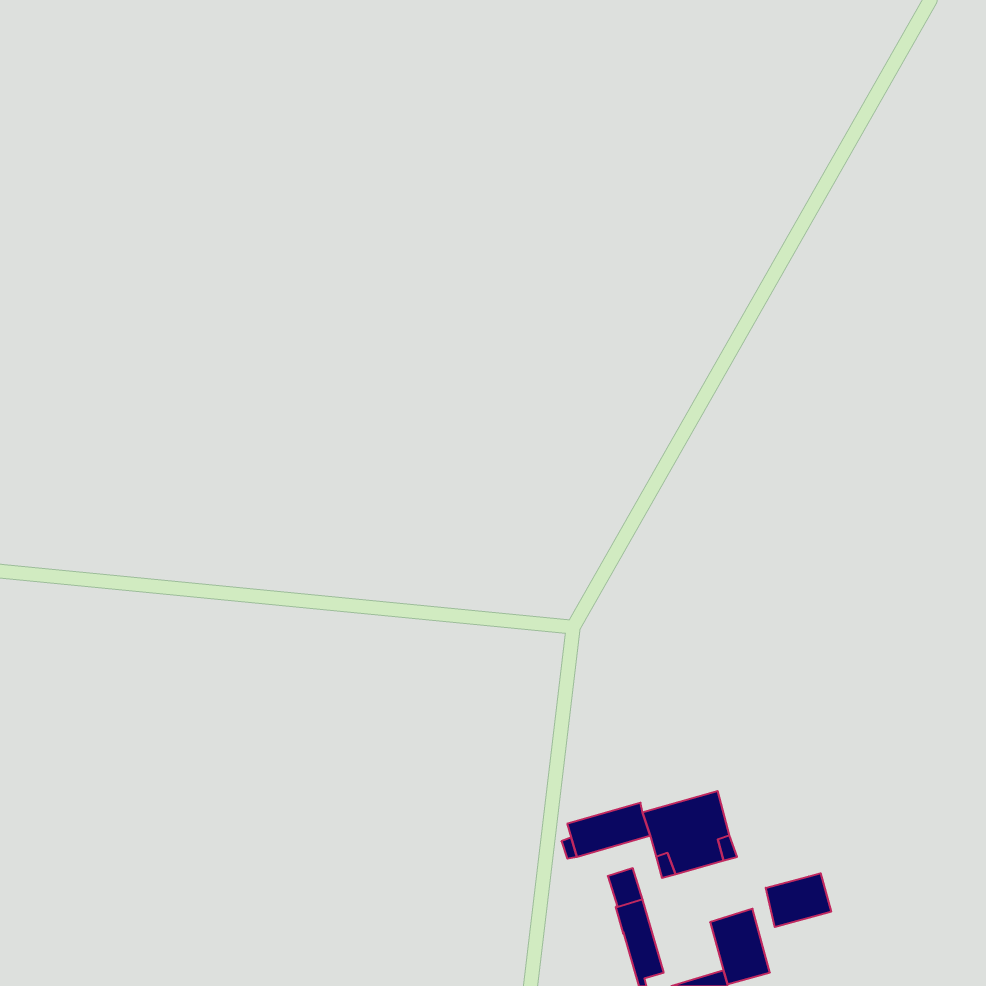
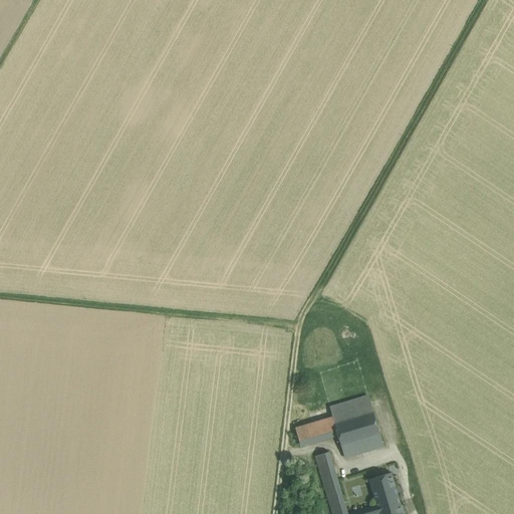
building: none -> [330,397,373,423]
building: [766,873,831,927] -> none

